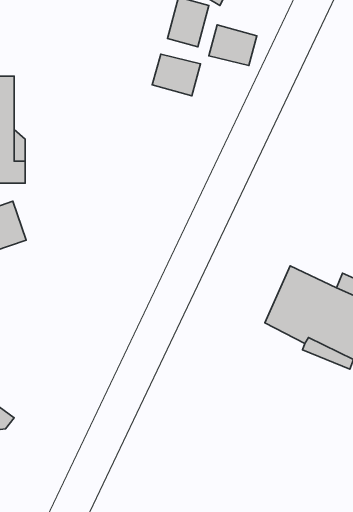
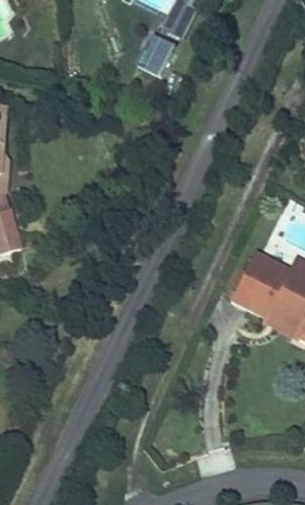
building: [209,25,257,66] -> none
building: [152,54,200,96] -> none

